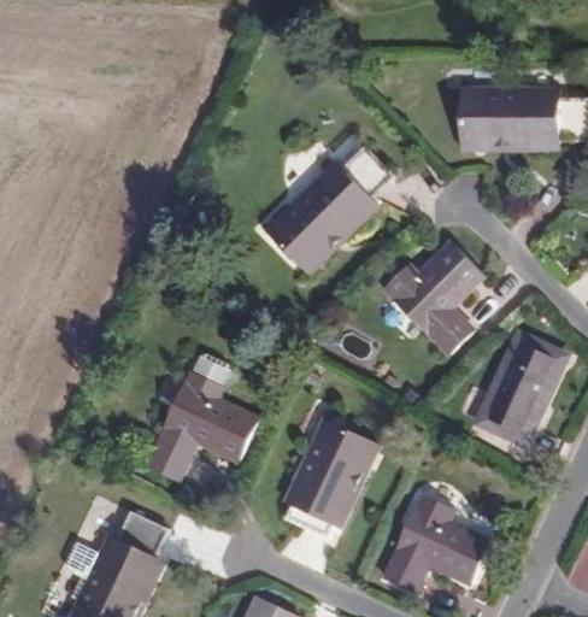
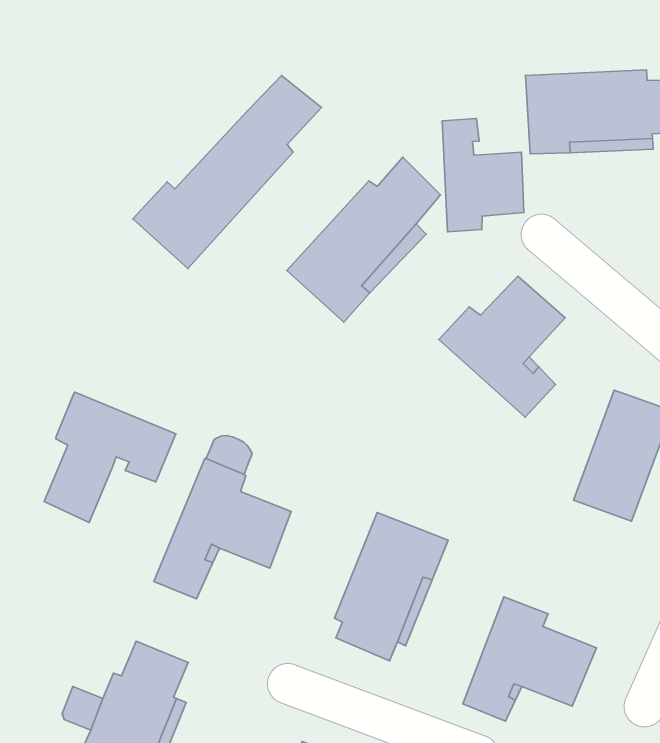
building: none -> [133,76,322,269]
building: none -> [442,119,524,232]
building: none -> [44,392,176,523]

